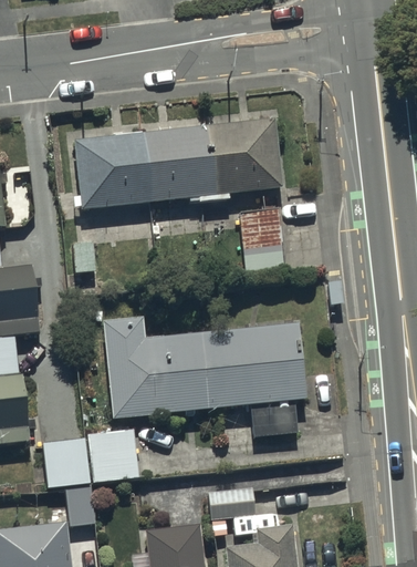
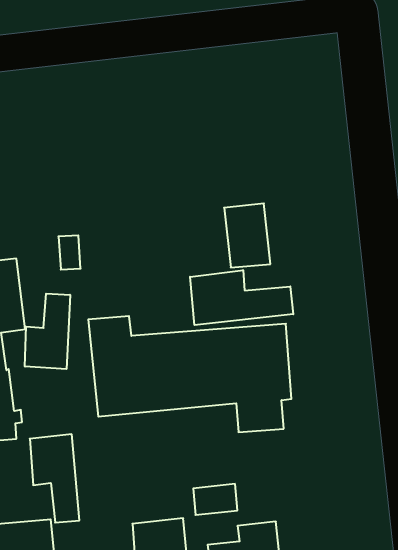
building: [74,117,282,209] -> none
building: none -> [190,270,293,325]
building: none -> [25,294,70,369]
building: [88,429,140,483] -> none

